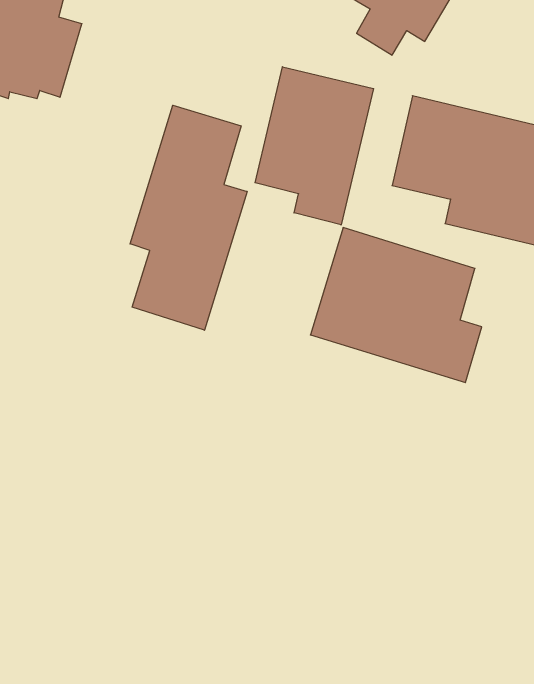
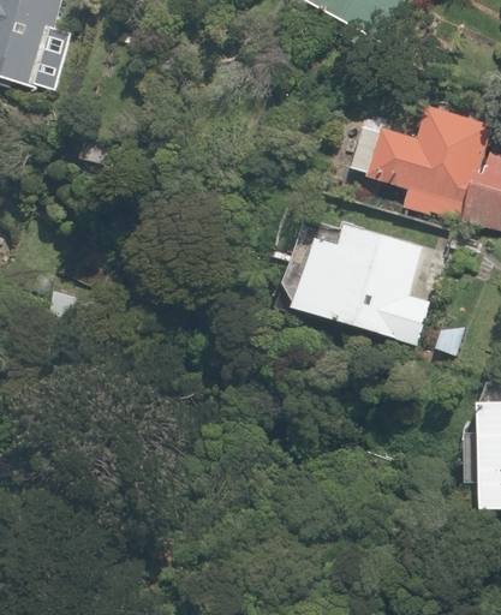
building: [255,67,374,225] -> none
building: [130,105,247,330] -> none

